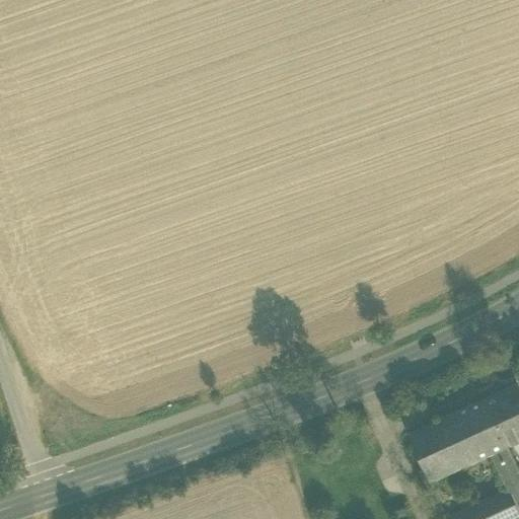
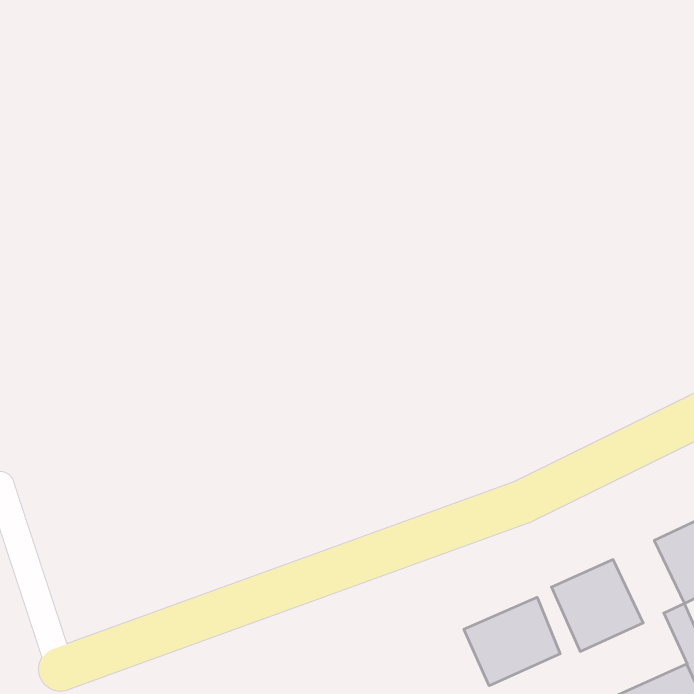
building: [458,404,511,465] -> none
building: none -> [464,597,560,686]

